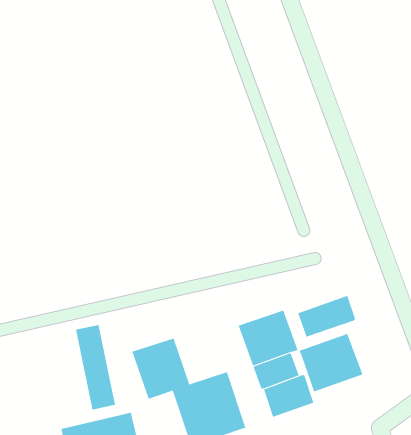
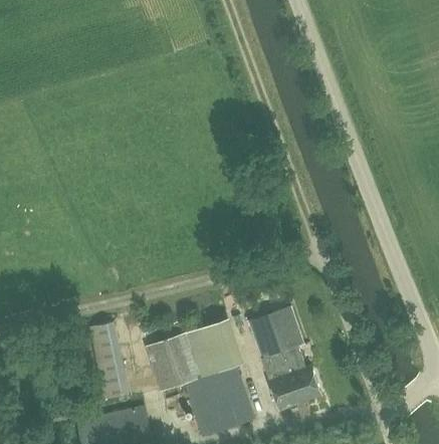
building: [298,295,356,337] -> none
building: none -> [186,319,239,377]
building: [299,333,363,392] -> none

